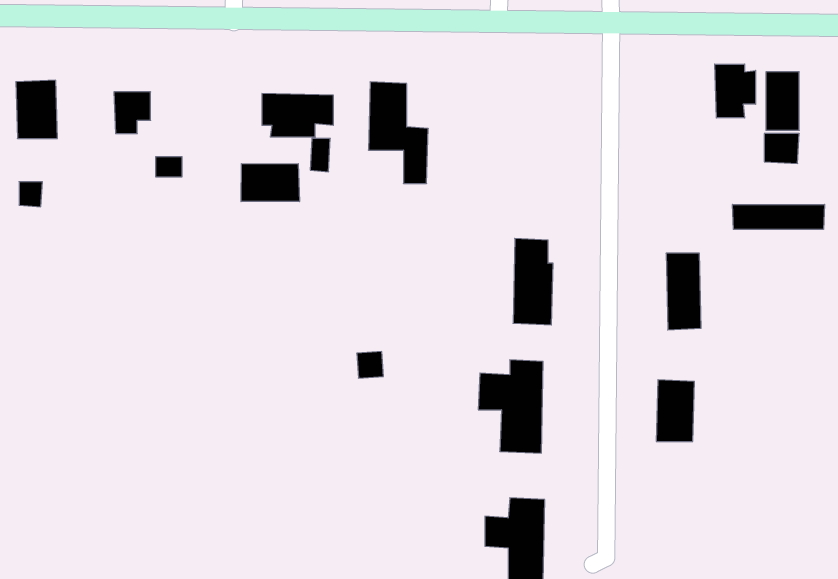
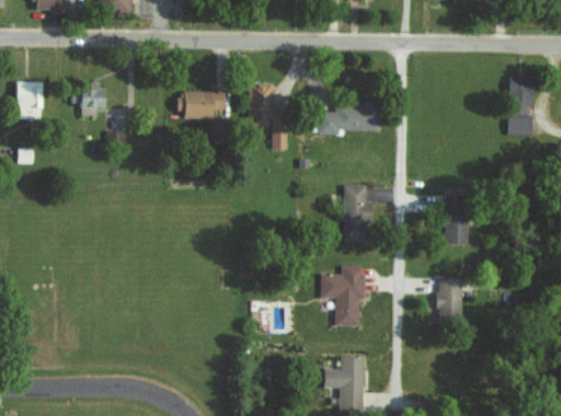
building: [715,64,756,118] -> none
building: none -> [319,100,380,132]
building: [241,164,299,202] -> none
building: [733,204,825,229] -> none

